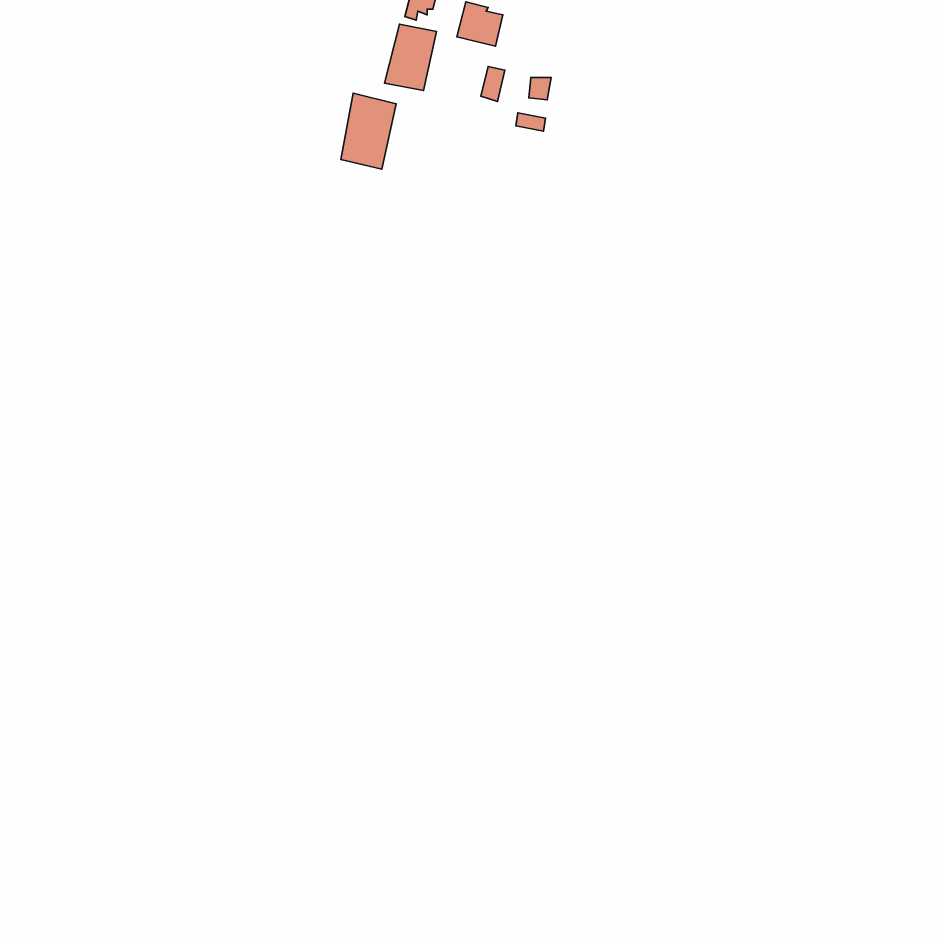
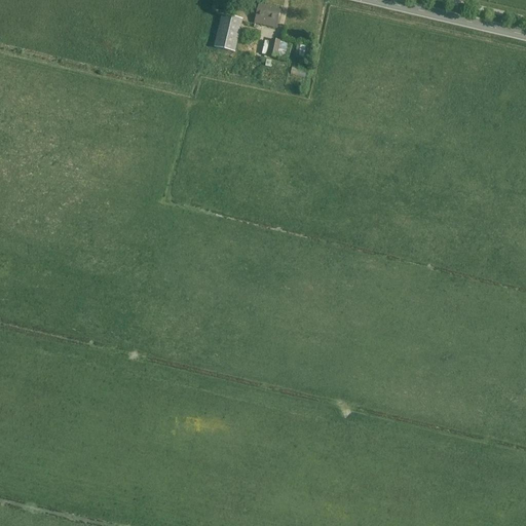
building: [341,93,396,169] -> none

